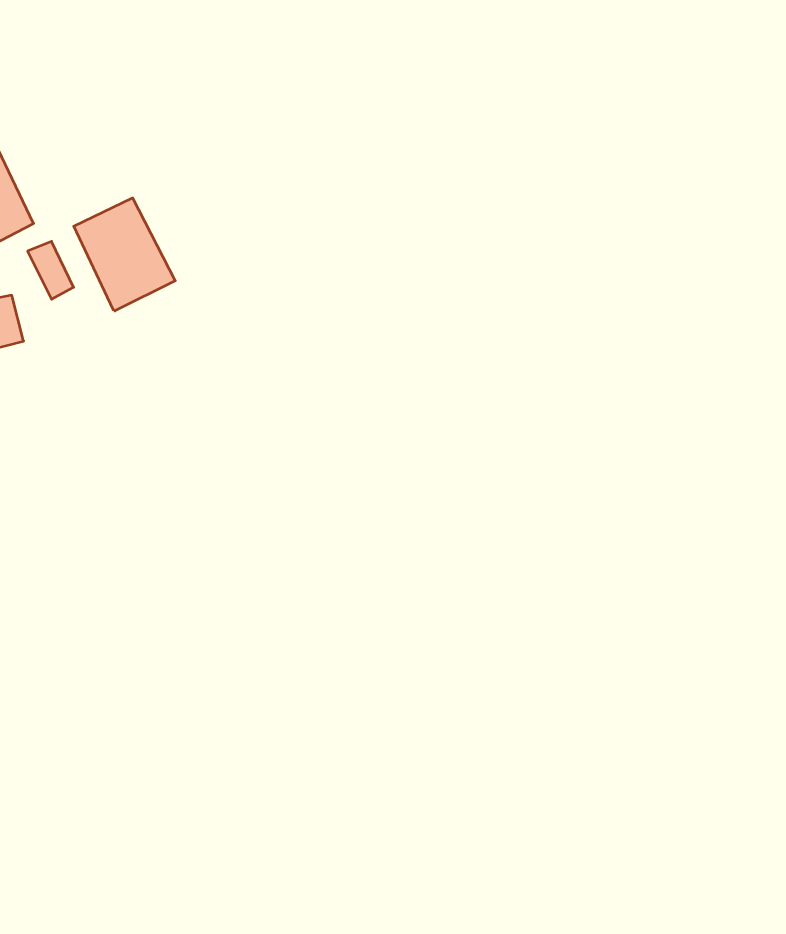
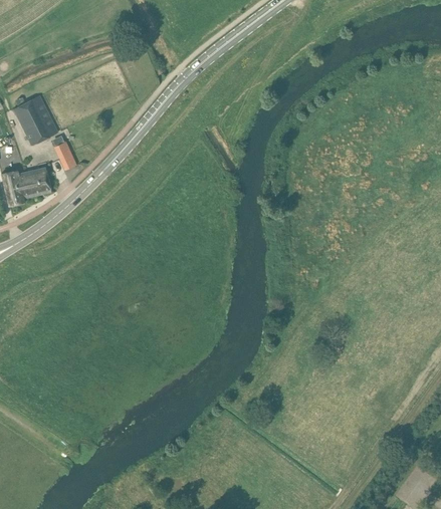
building: [74,198,175,311] -> none

